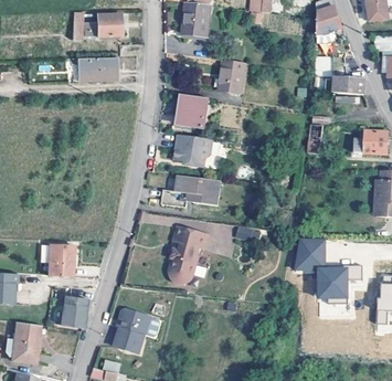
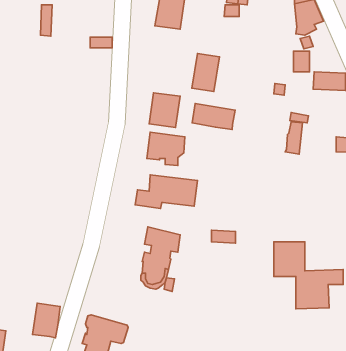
building: [86,13,119,34] -> none
building: [76,55,117,78] -> none
building: none -> [192,103,235,129]
building: [47,243,74,275] -> none

